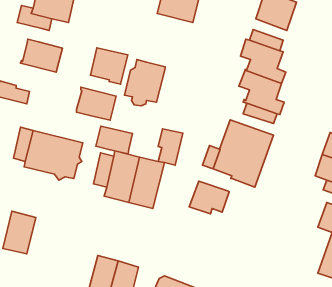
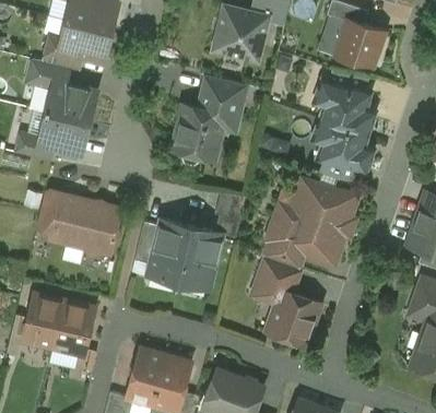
building: none -> [26,57,71,86]
building: [90,48,128,84] -> [200,74,246,119]
building: [76,87,116,120] -> [39,109,89,150]
building: [96,126,133,154] -> none
building: none -> [262,235,305,267]
building: none -> [267,288,319,343]
building: none -> [52,299,93,352]

